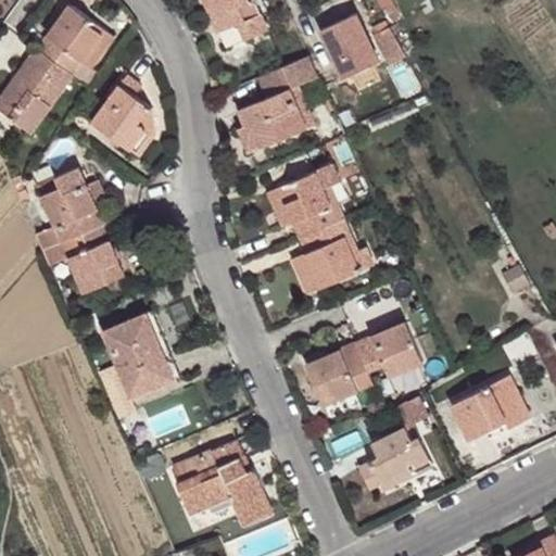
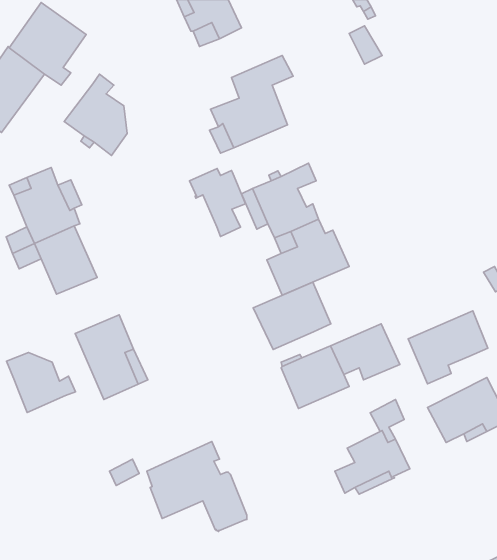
building: [319,13,378,78] -> none
building: none -> [189,169,246,237]
building: none -> [253,282,331,349]
building: none -> [408,311,488,384]
building: none -> [6,353,75,412]

